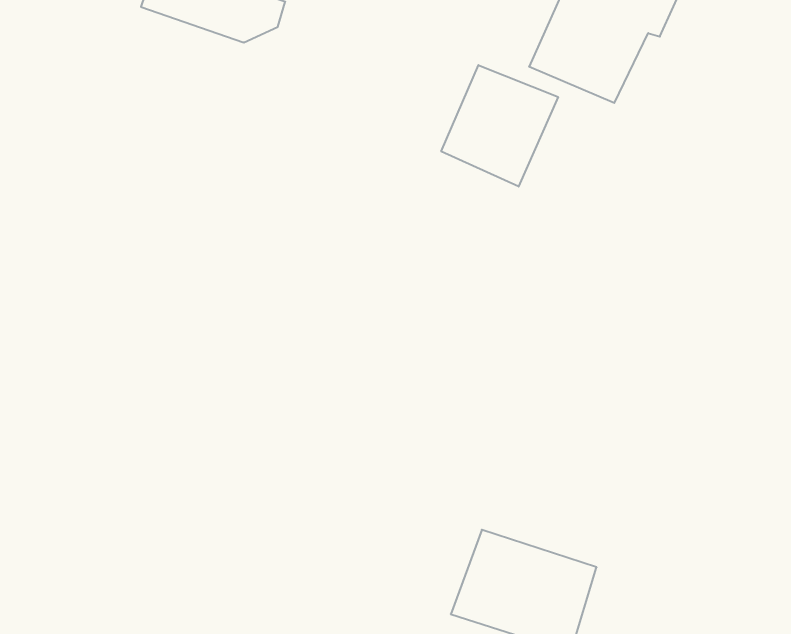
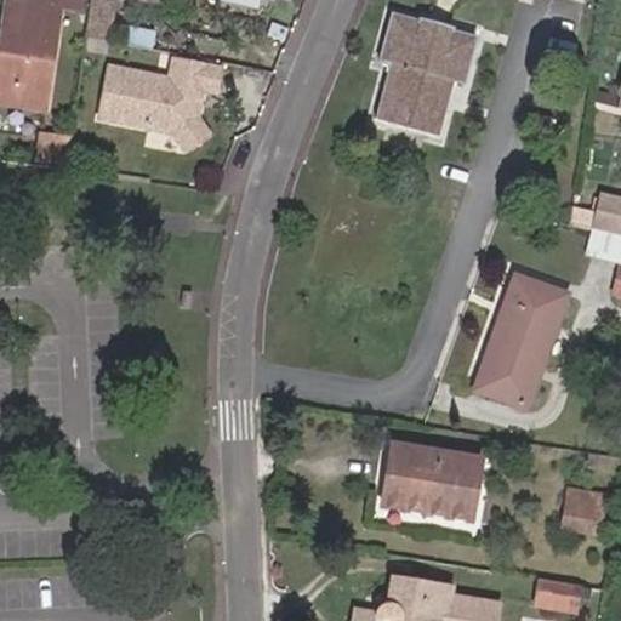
building: [441,65,558,187] -> none
building: none -> [474,270,566,405]

